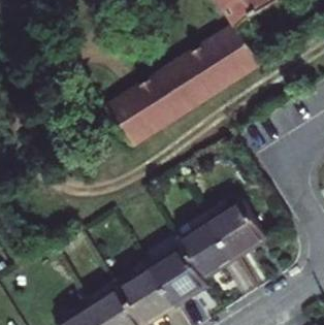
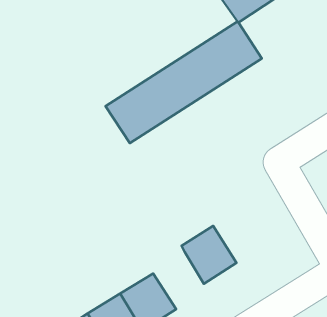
building: [212,201,266,258] -> none
building: [153,248,206,303] -> none

